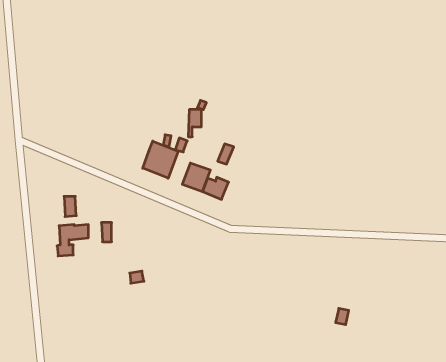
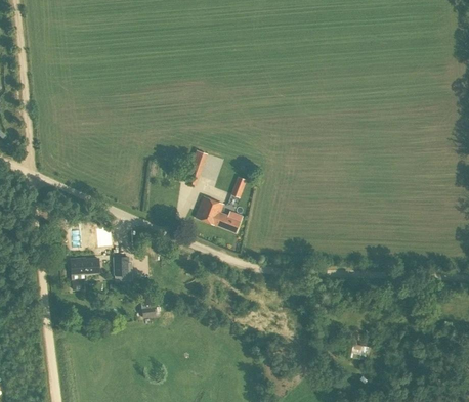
building: [143,141,178,178] -> none

